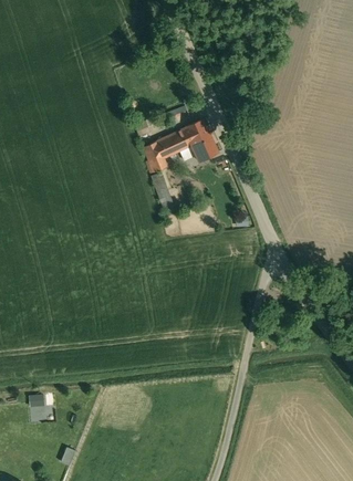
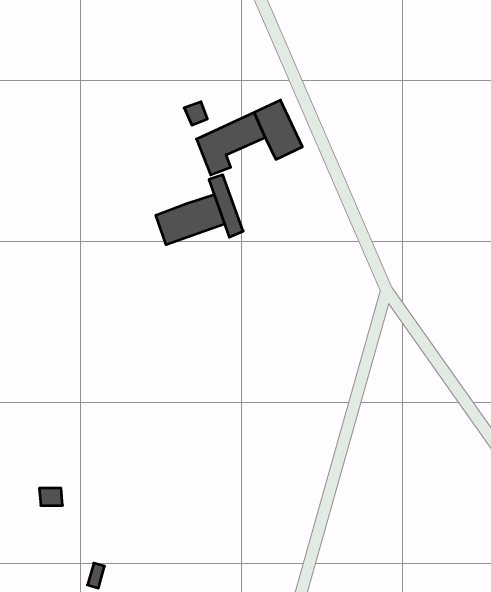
building: none -> [156,195,224,245]

